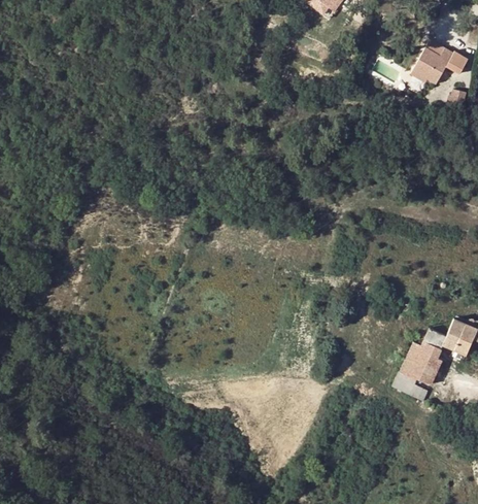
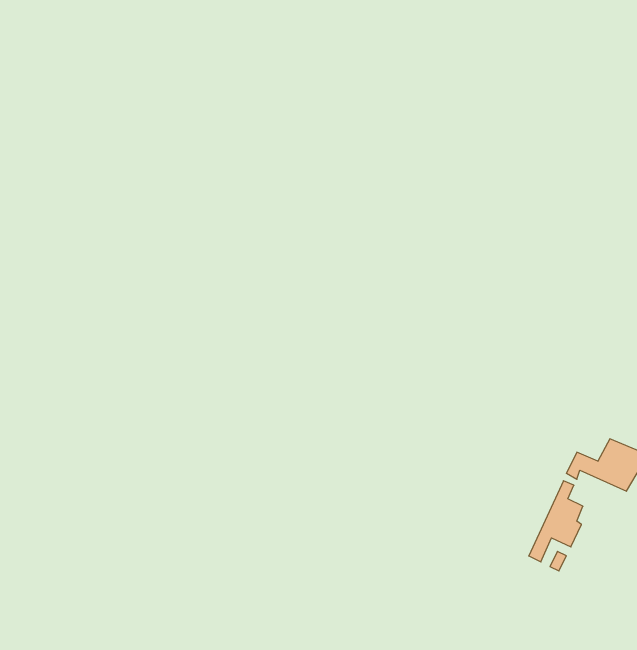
building: [413,40,455,83] -> none

